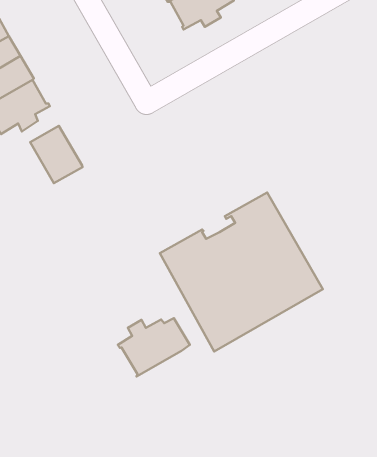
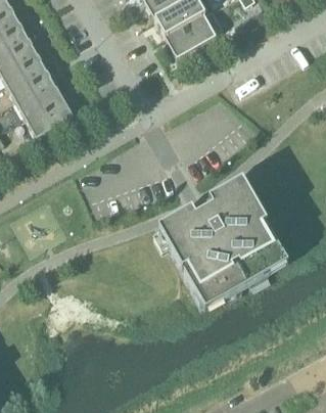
building: [30,126,82,183] -> none
building: [118,318,190,377] -> none

